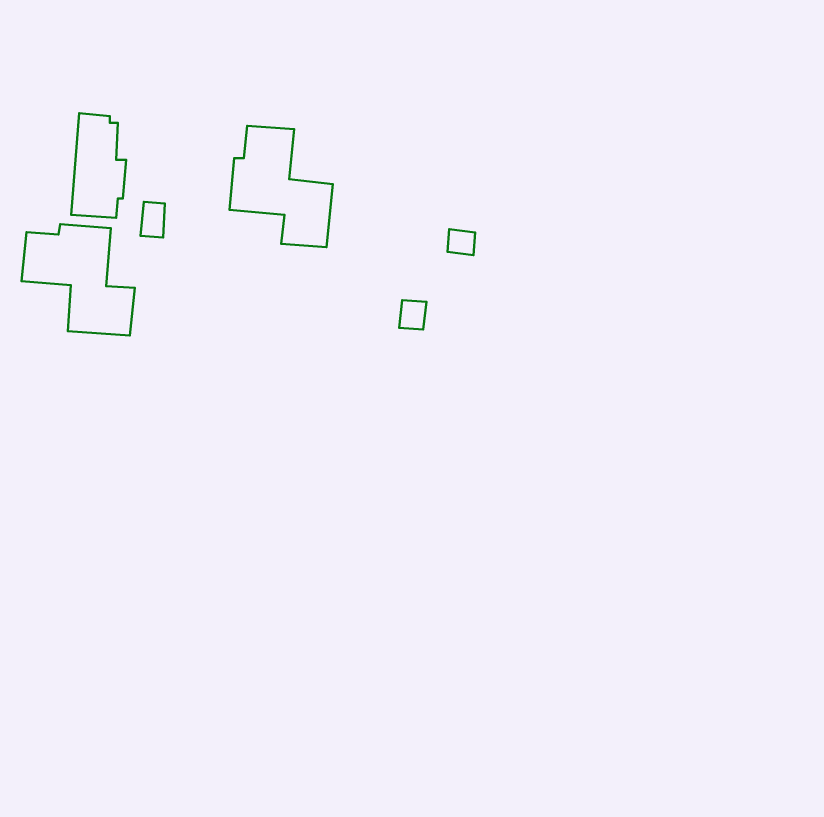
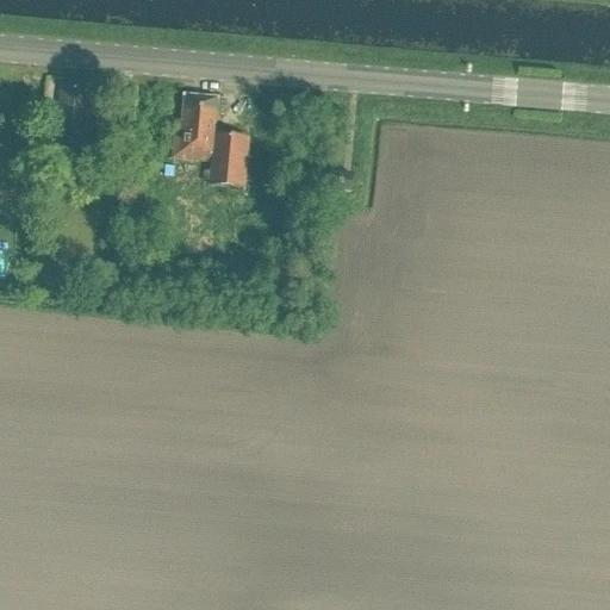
building: [22,224,135,336] -> none

